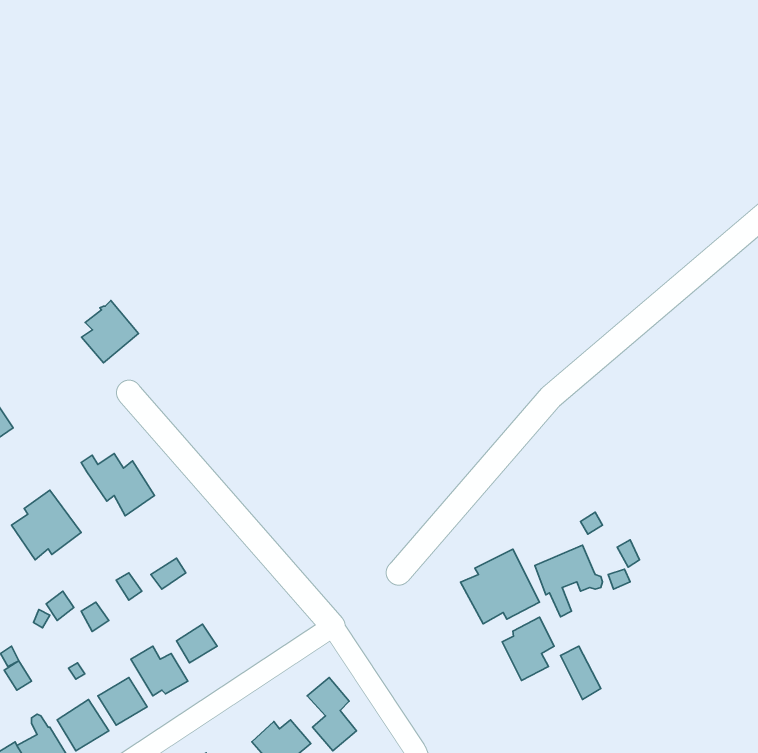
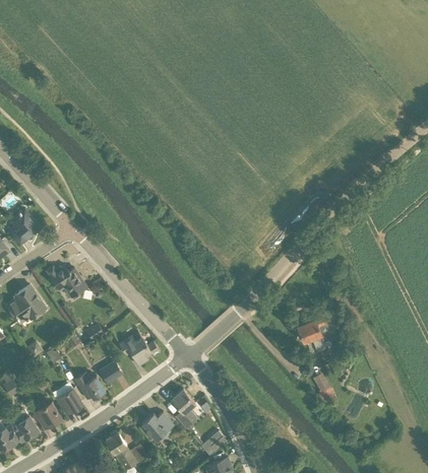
building: [81,301,138,363] -> [7,209,39,244]
building: [460,549,539,624] -> none
building: none -> [118,335,159,364]
building: [502,617,554,680] -> none

